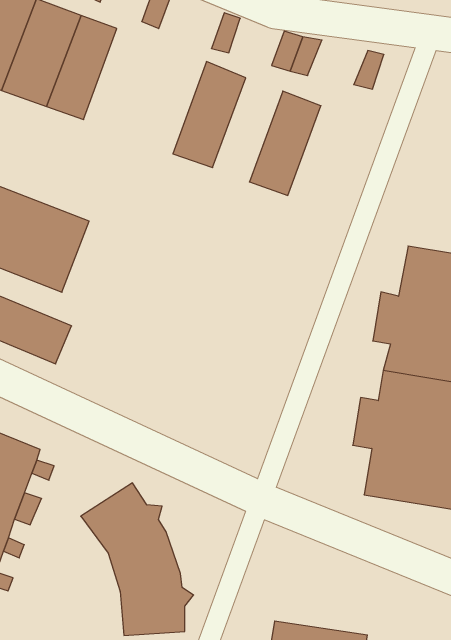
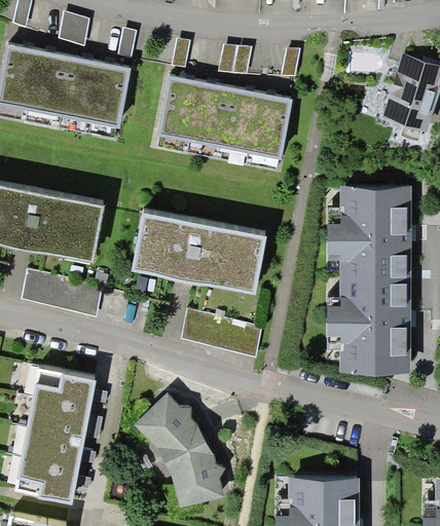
building: none -> [86,62,131,138]
building: none -> [187,82,229,158]
building: none -> [246,93,292,170]
building: none -> [131,214,265,294]
building: none -> [181,308,261,354]

